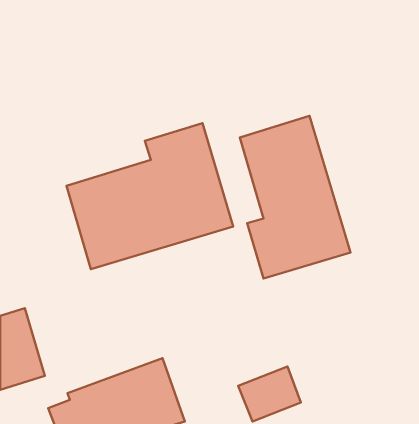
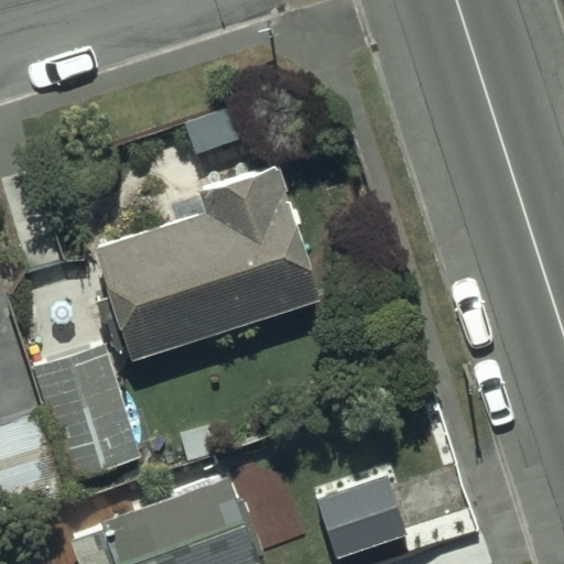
building: [240,116,350,279] -> none
building: none -> [34,340,170,478]

